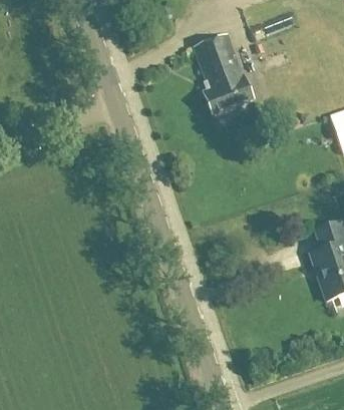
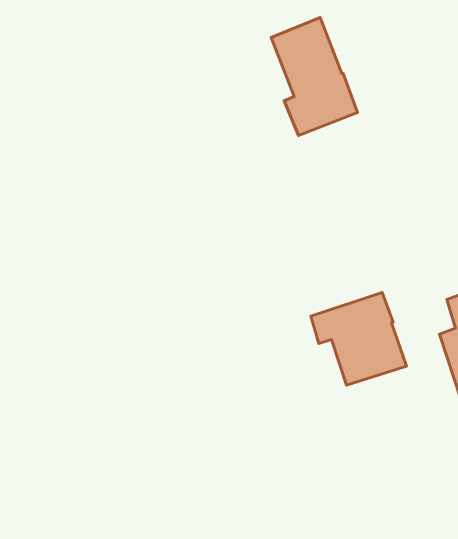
building: none -> [311,292,406,385]

